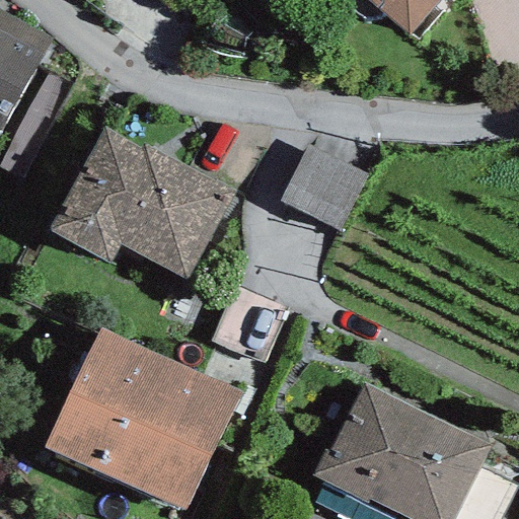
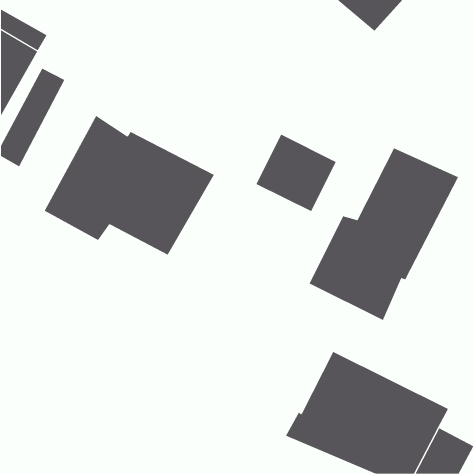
building: none -> [309,148,459,321]
building: [44,327,241,510] -> none

